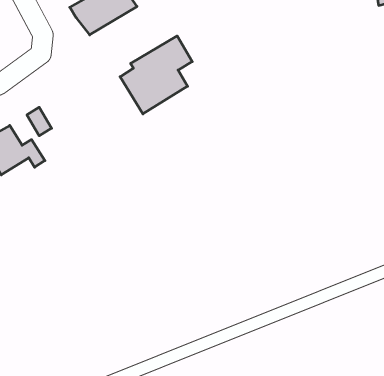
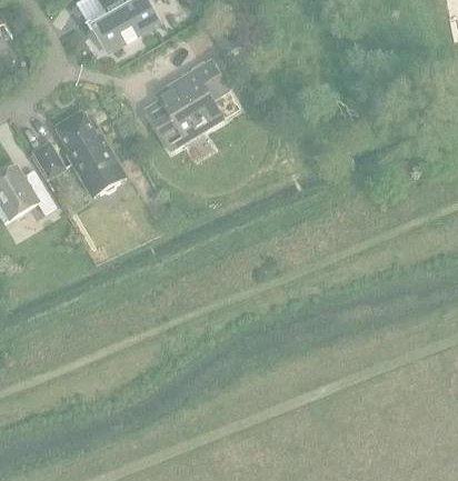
building: none -> [56,108,125,193]

